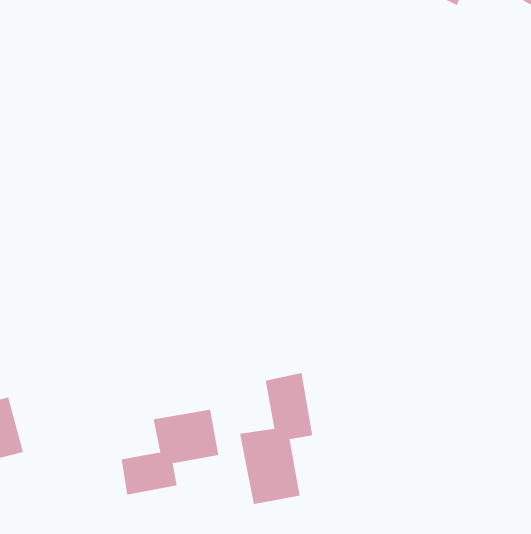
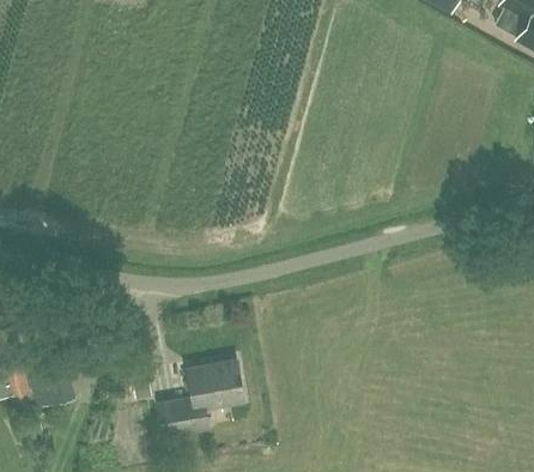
building: [240,372,313,505] -> none

